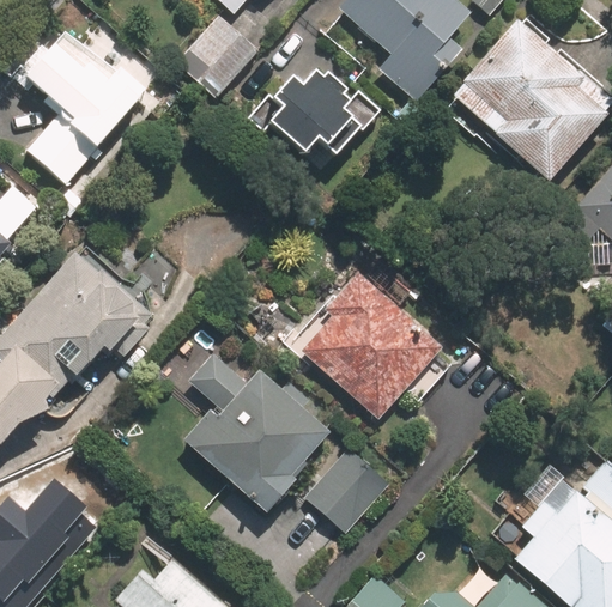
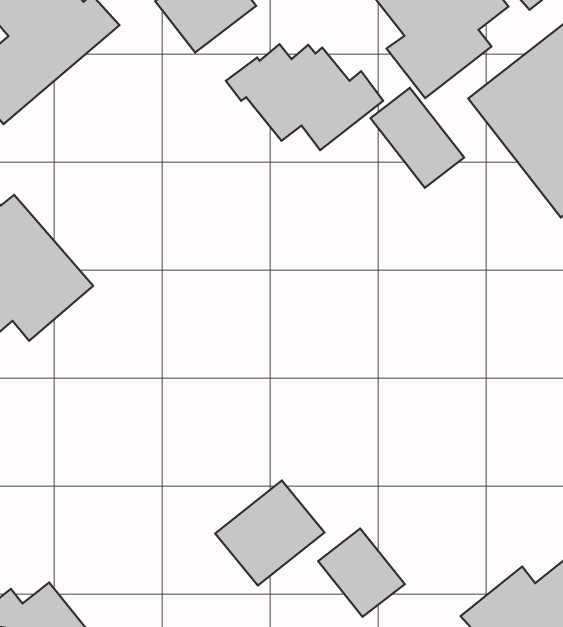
building: none -> [370,88,464,188]
building: [290,269,456,424] -> none
building: [182,351,331,514] -> none
building: none -> [318,529,405,617]

